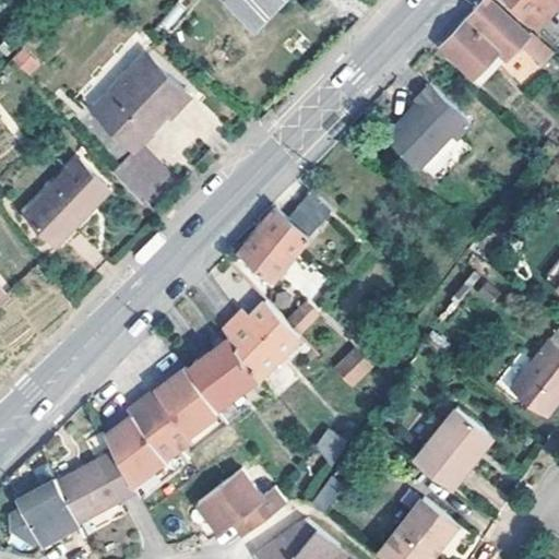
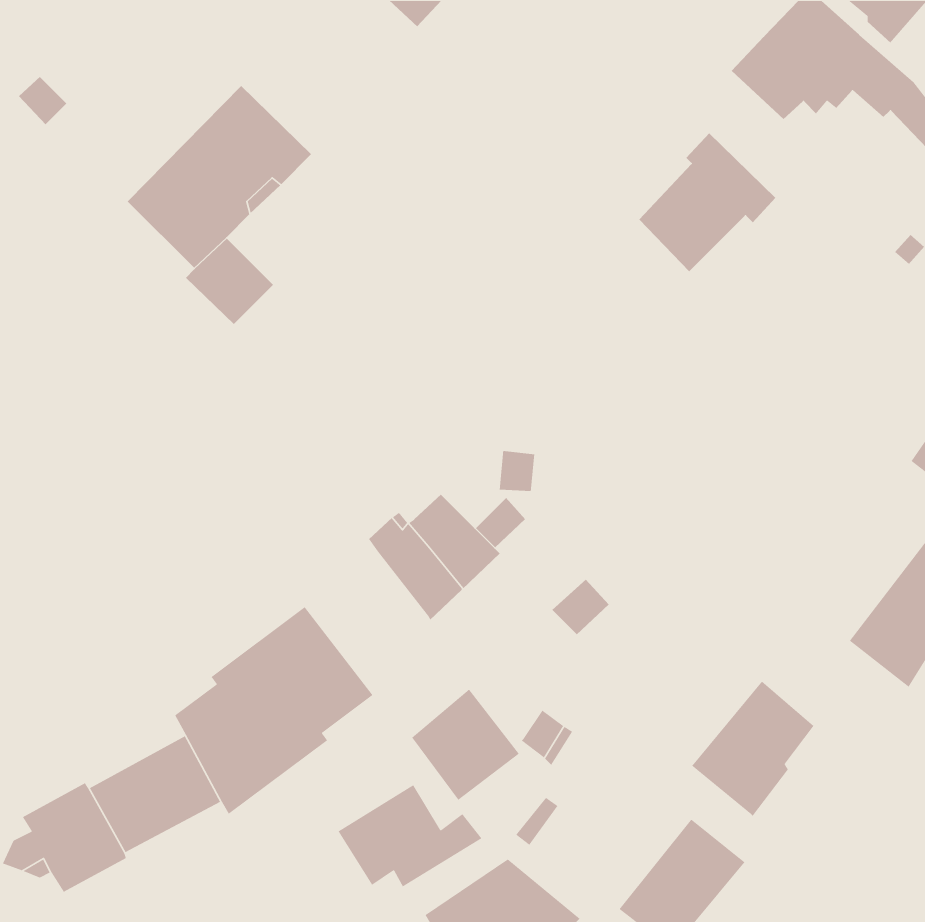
building: [24,158,107,242] -> none
building: [239,190,332,280] -> none
building: [193,335,259,403] -> [411,688,520,801]

